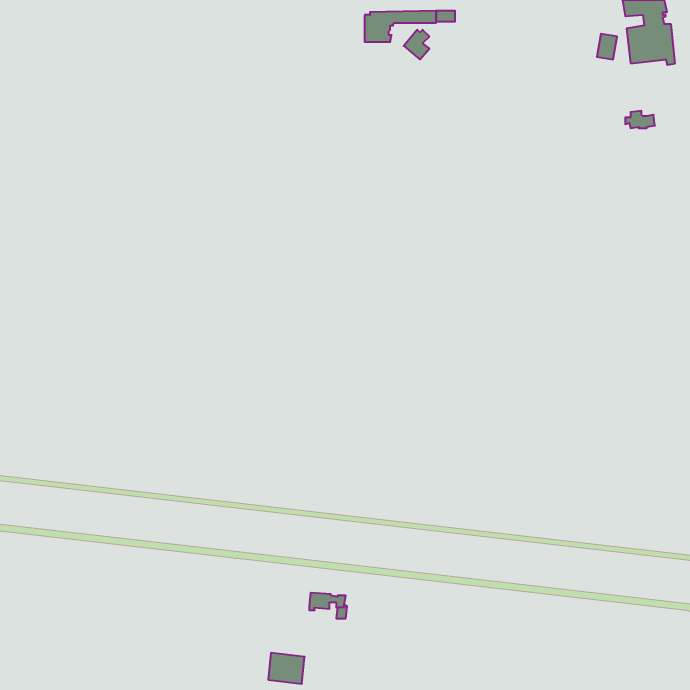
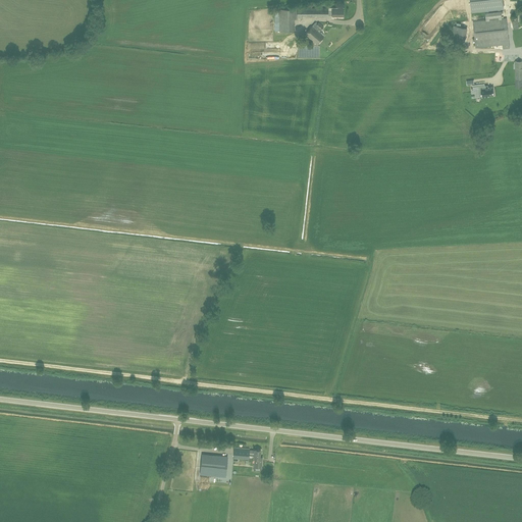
building: [268,653,305,684] -> [200,454,227,477]

